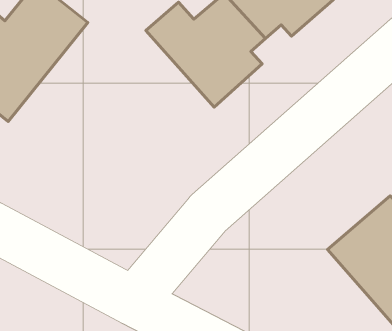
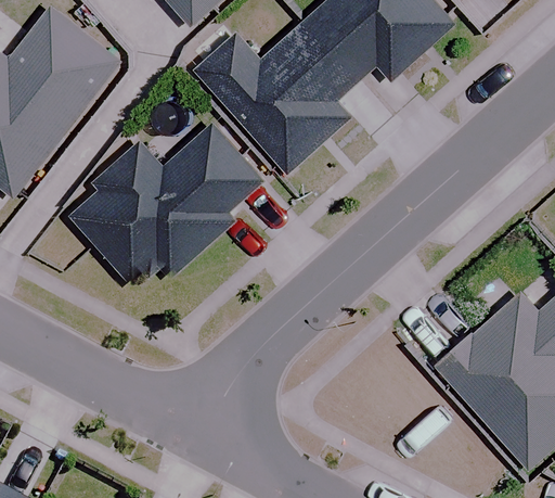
building: none -> [70,123,262,284]

